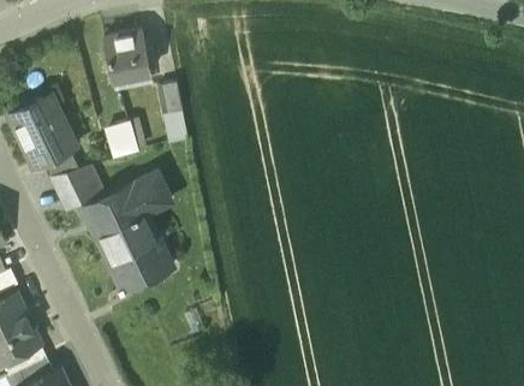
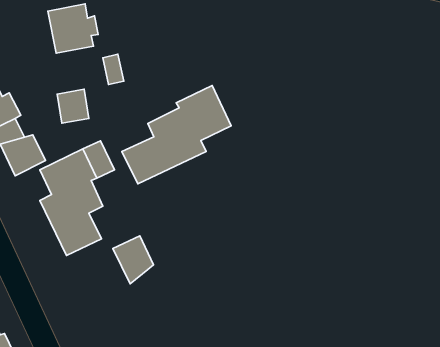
building: none -> [122,85,231,184]
building: none -> [113,236,154,284]

